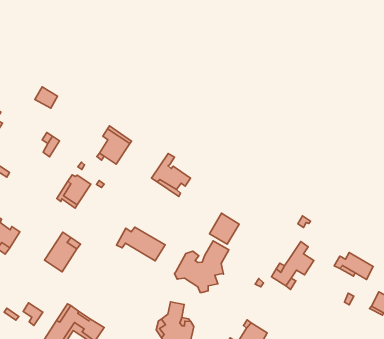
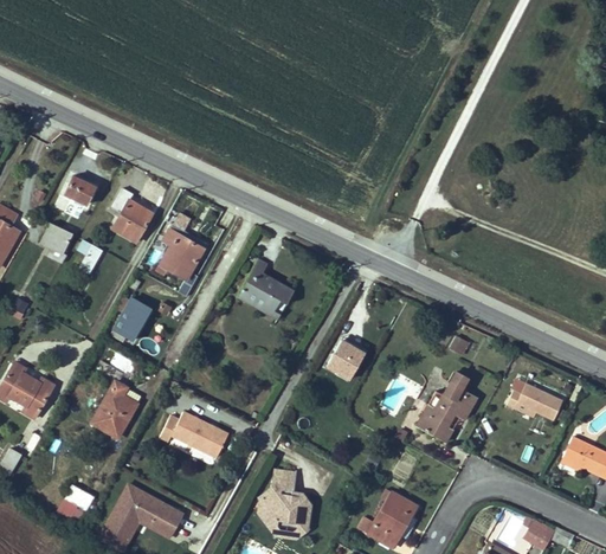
building: none -> [112,187,153,241]
building: none -> [41,221,73,250]
building: [116,227,165,261] -> [160,411,230,457]
building: [175,241,229,293] -> none

